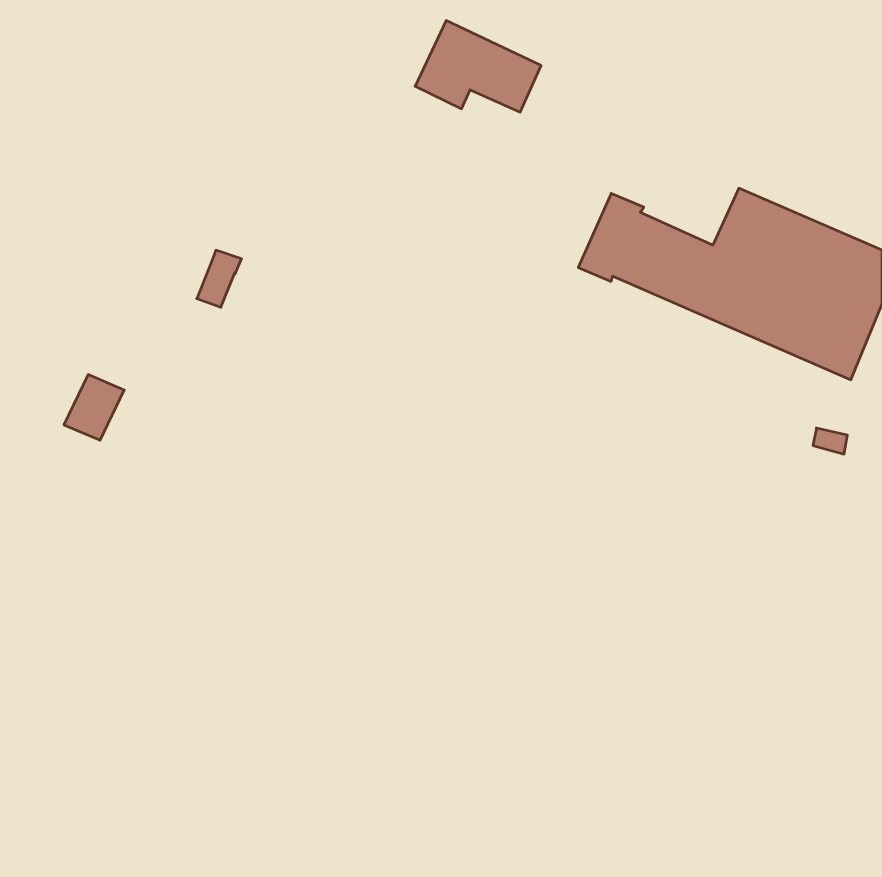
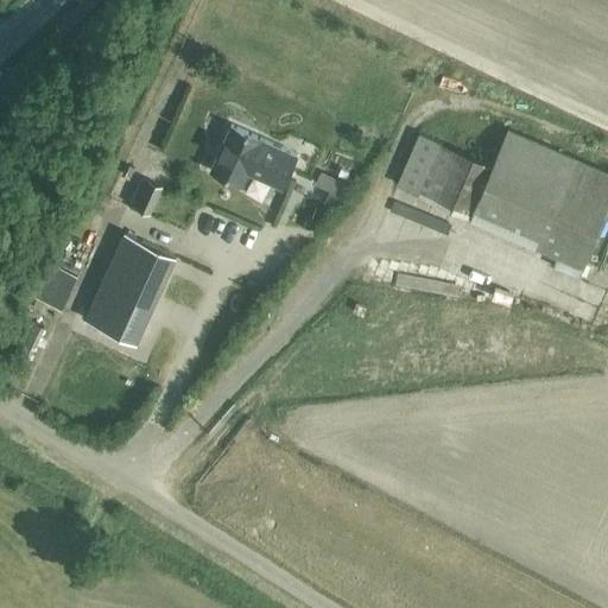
building: [415,21,541,112] -> [208,128,294,191]
building: none -> [86,235,176,346]

